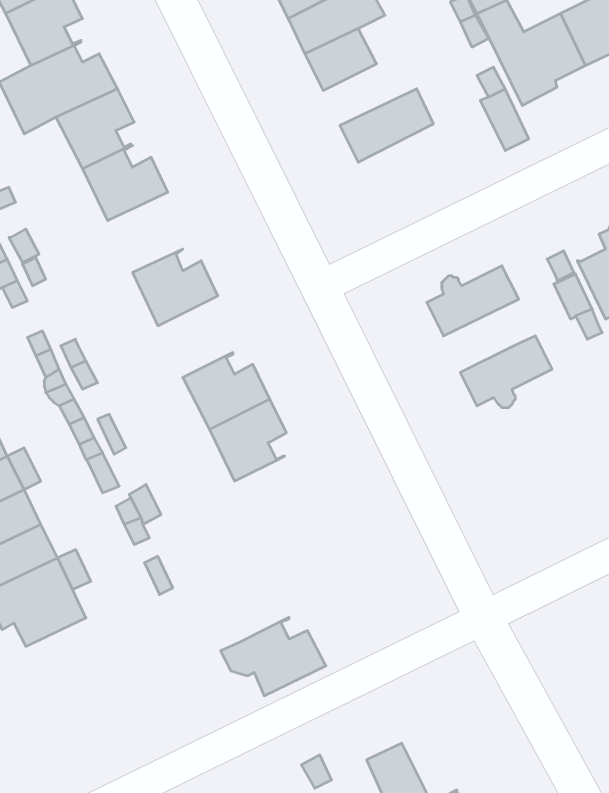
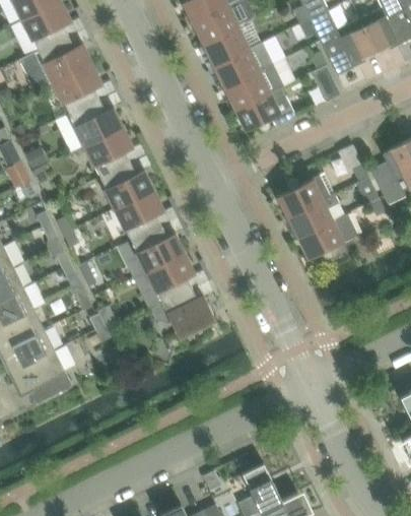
building: none -> [216,43,273,86]
building: none -> [237,86,295,130]
building: none -> [85,127,132,176]
building: none -> [116,190,162,240]
building: none -> [289,192,339,237]
building: [221,617,326,696] -> [151,287,215,335]

